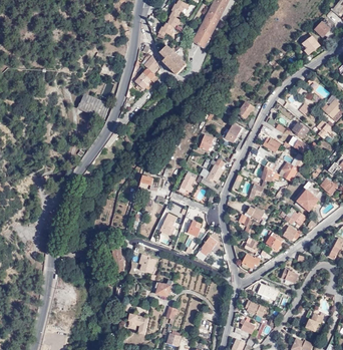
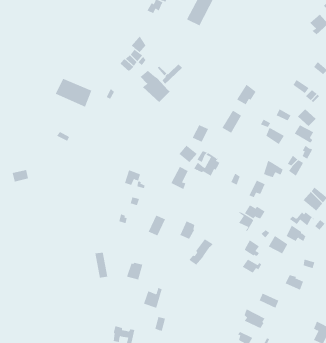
building: [160,45,188,74] -> [140,70,170,103]

